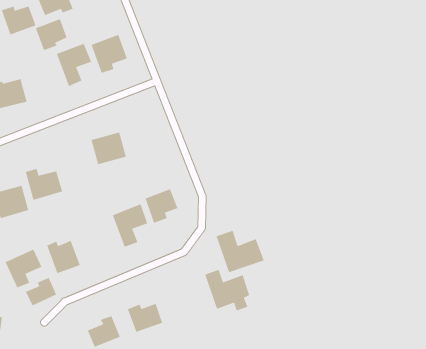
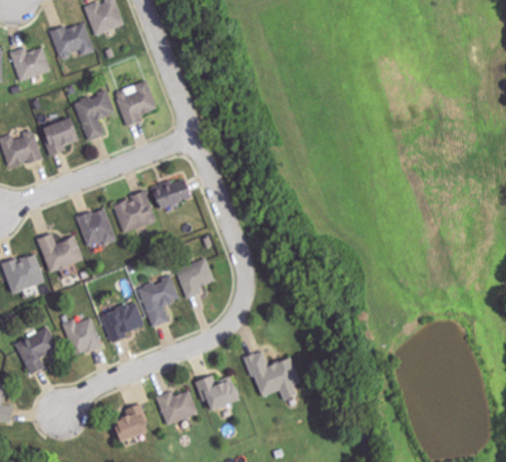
building: [35,18,68,51] -> [39,118,77,156]
building: none -> [150,179,189,209]
building: none -> [77,209,114,247]
building: none -> [100,303,143,339]
building: [216,230,265,273] -> none
building: [25,277,57,306] -> none
building: none -> [194,375,237,413]

